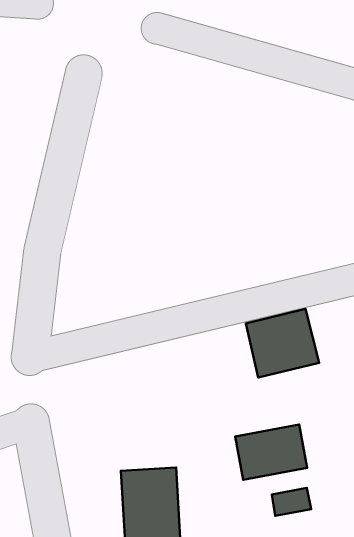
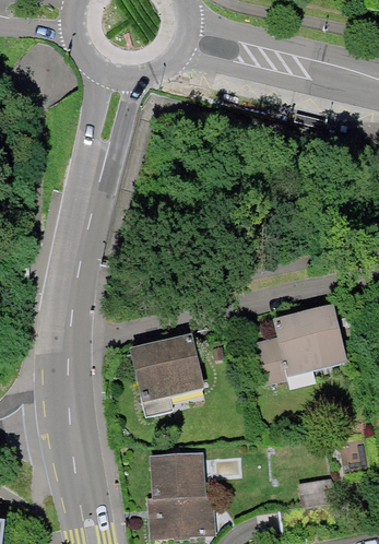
building: none -> [130,331,201,401]
building: [235,425,307,480] -> none

